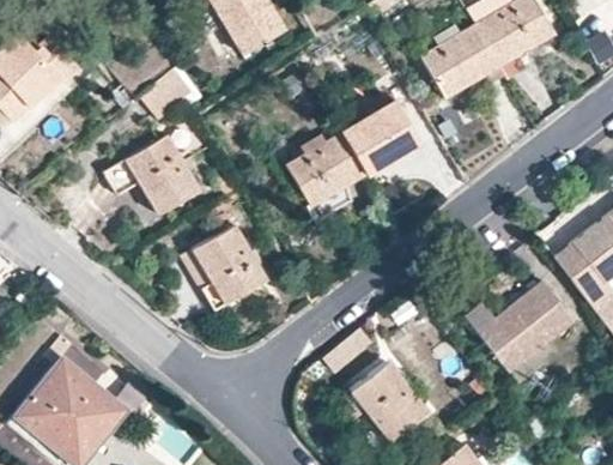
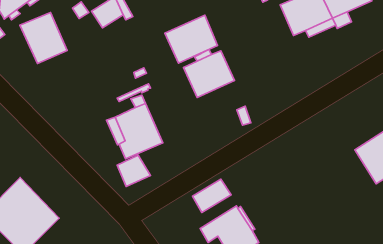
building: [339,99,419,175] -> [165,15,217,63]
building: [126,135,200,213] -> [20,12,67,63]
building: [477,280,573,372] -> none
building: none -> [117,155,150,186]

